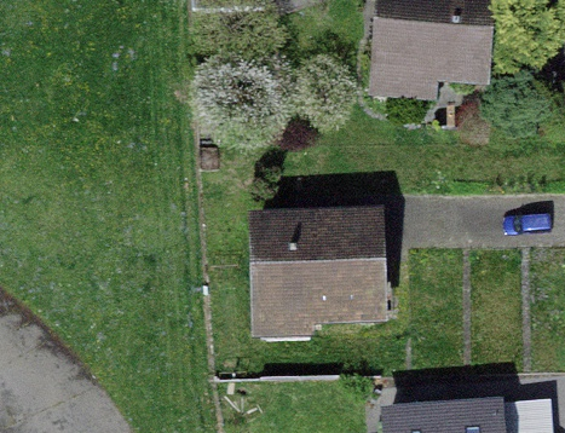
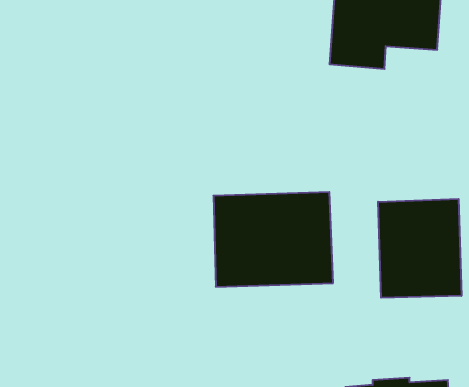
building: none -> [378,199,461,298]

